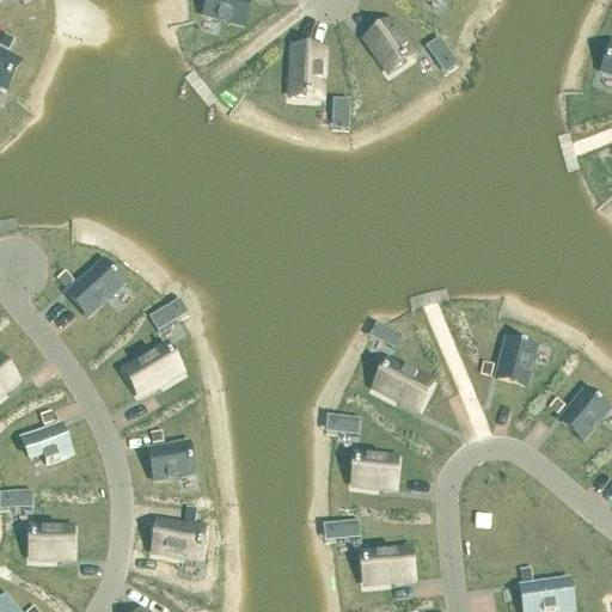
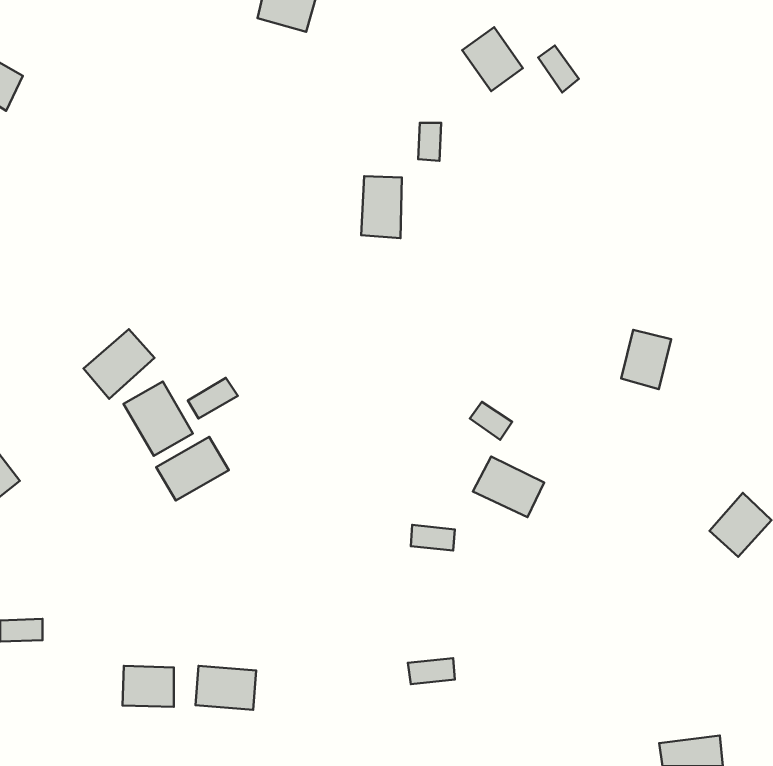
building: [289,48,322,97] -> [361,176,402,238]
building: none -> [123,382,193,456]
building: [495,338,534,385] -> [621,330,671,389]
building: [24,423,69,461] -> none
building: [149,441,191,476] -> none
building: [351,452,394,486] -> none
building: [30,525,71,557] -> [122,666,174,707]
building: [361,546,411,582] -> none

